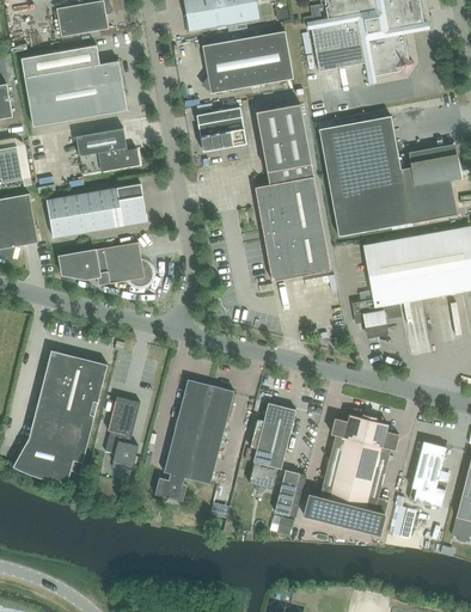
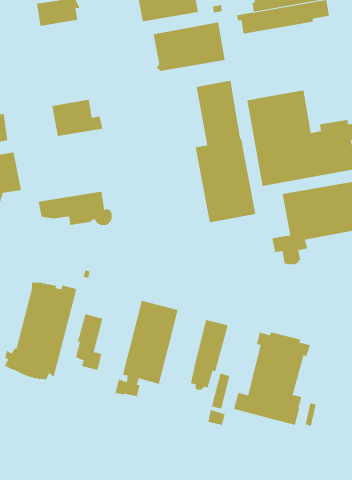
building: [314,30,414,84] -> none
building: [22,44,127,126] -> none
building: [196,106,246,148] -> none
building: [47,183,147,237] -> none
building: [409,441,446,507] -> none

